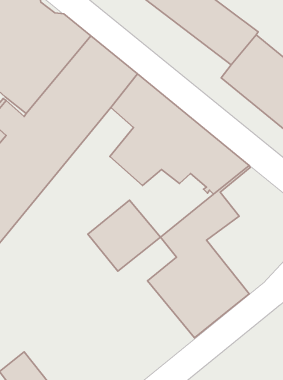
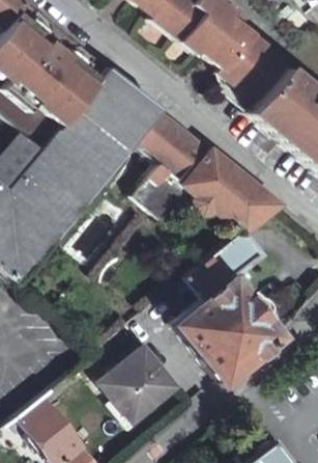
building: [88,200,161,271] -> [102,346,177,419]

